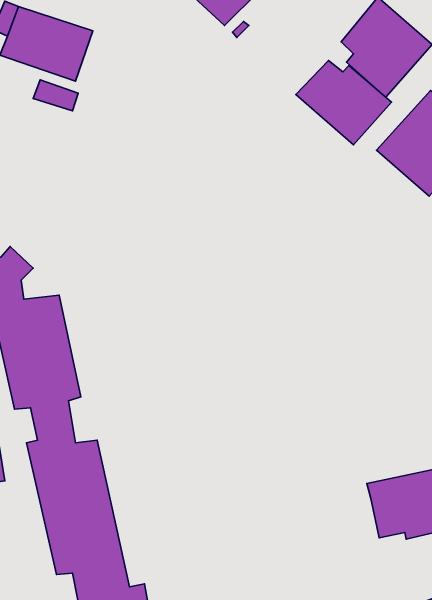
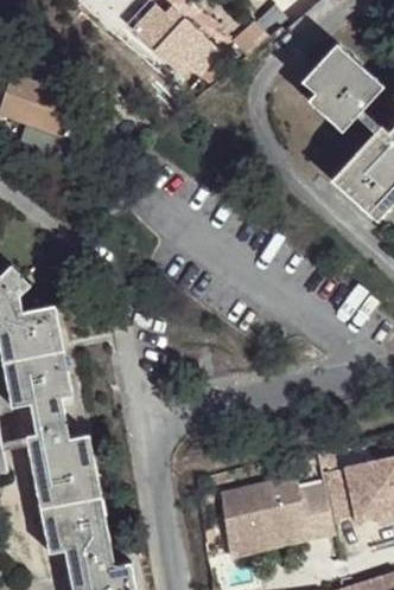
building: [296,60,391,145] -> none
building: none -> [223,481,337,558]

